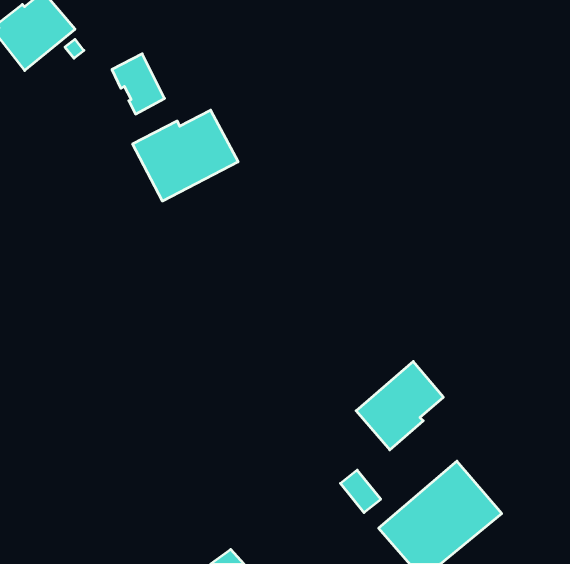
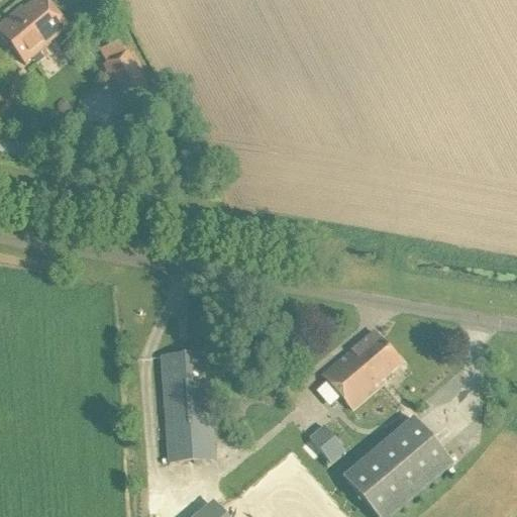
building: [133,110,238,201] -> none
building: none -> [161,349,215,458]

